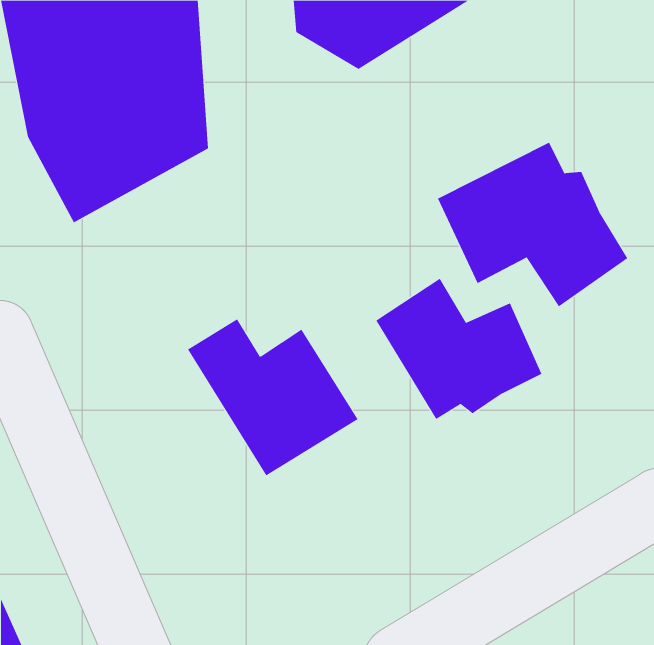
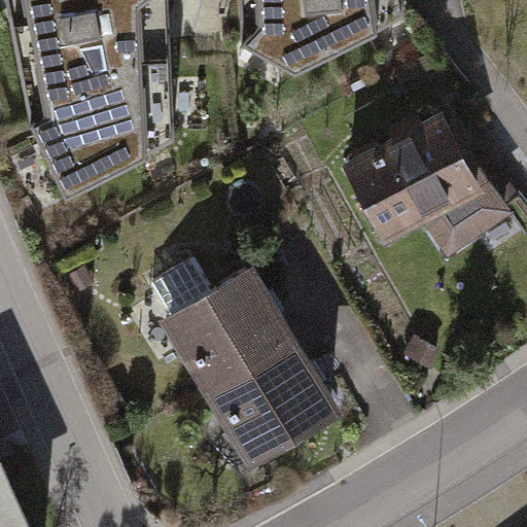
building: [375,278,542,420] -> none
building: none -> [216,346,335,462]

